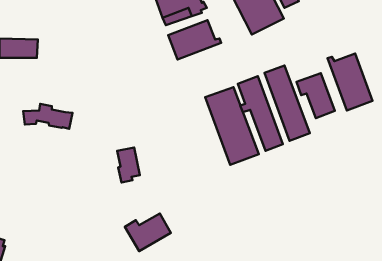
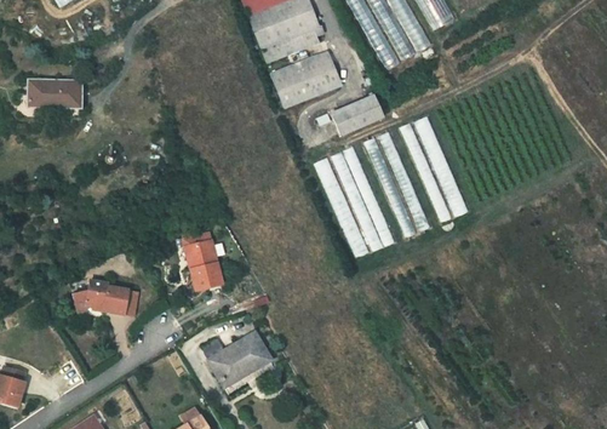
building: none -> [325,98,376,137]
building: [327,54,373,111] -> none
building: [297,73,335,118] -> none
building: [23,104,73,129] -> [68,276,139,313]

